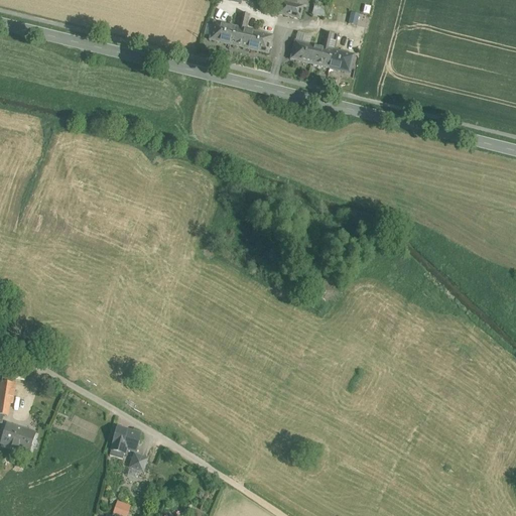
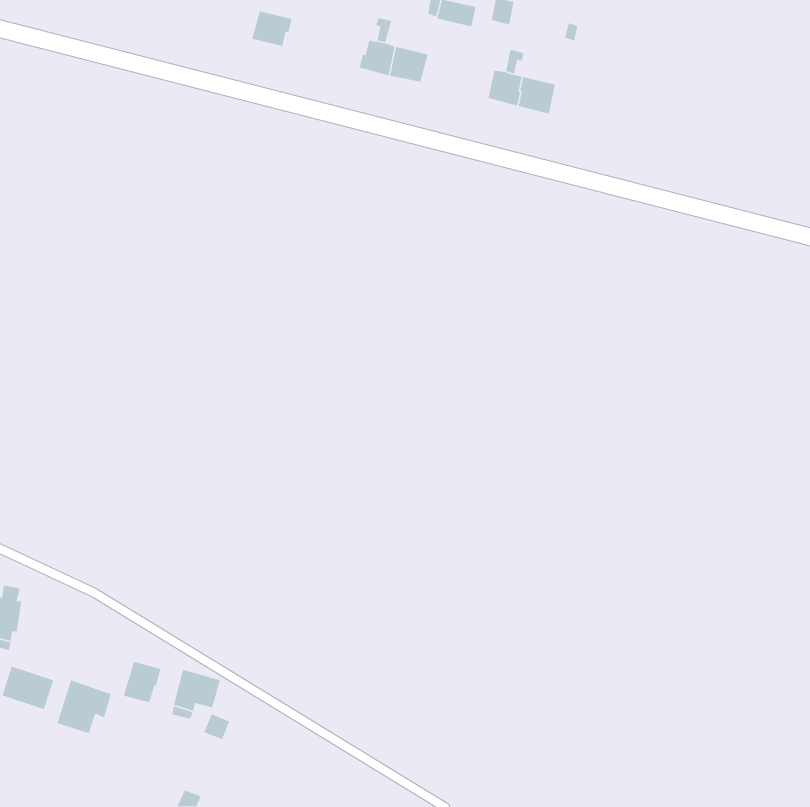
building: [208,20,234,43] -> [251,10,292,47]
building: [289,33,313,62] -> none
building: none -> [123,661,162,703]
building: none -> [56,679,112,734]

